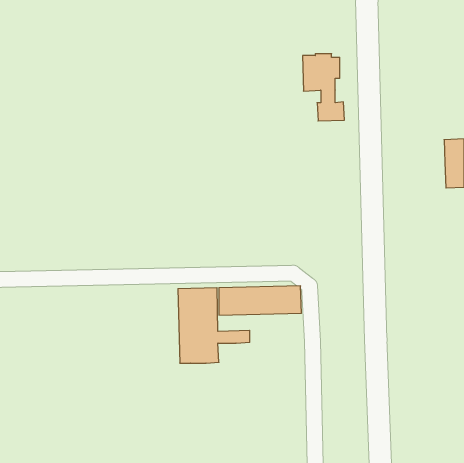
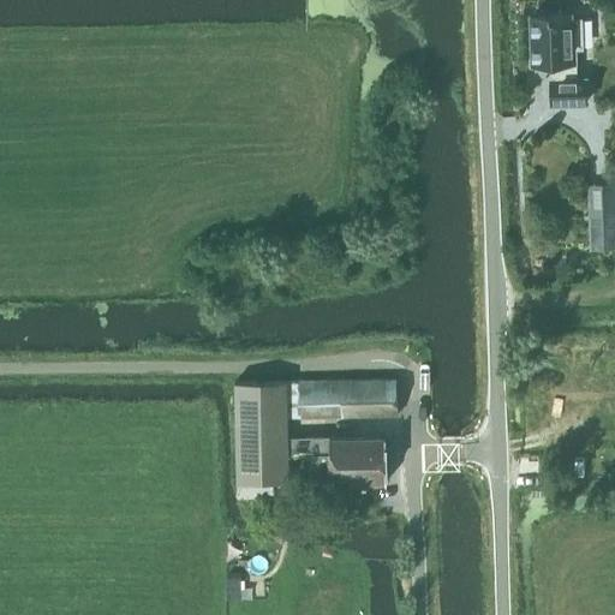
building: [303,54,344,121] -> [532,16,587,105]
building: none -> [312,437,387,489]

